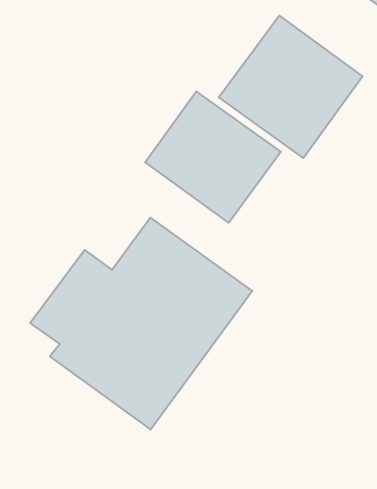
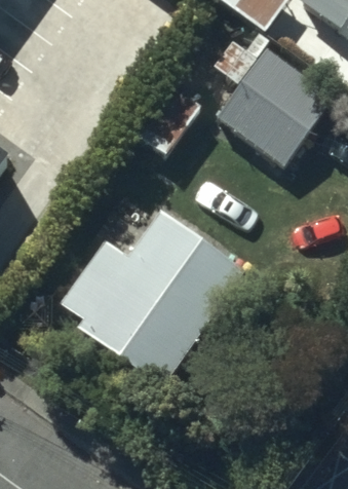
building: [145,91,281,223] -> none

